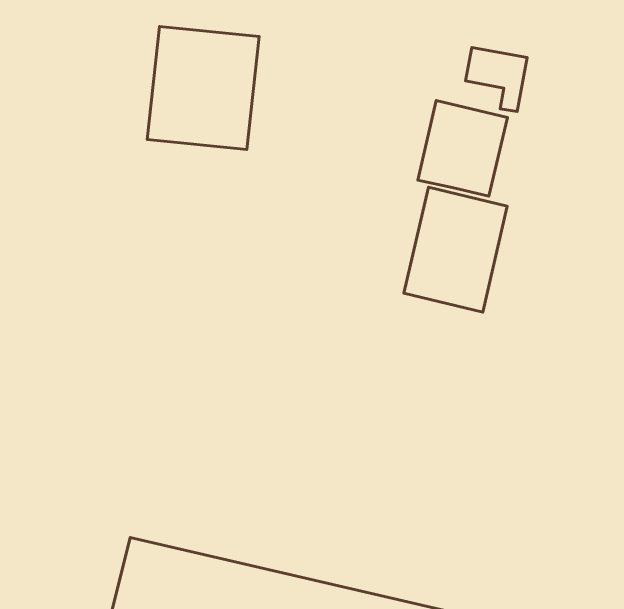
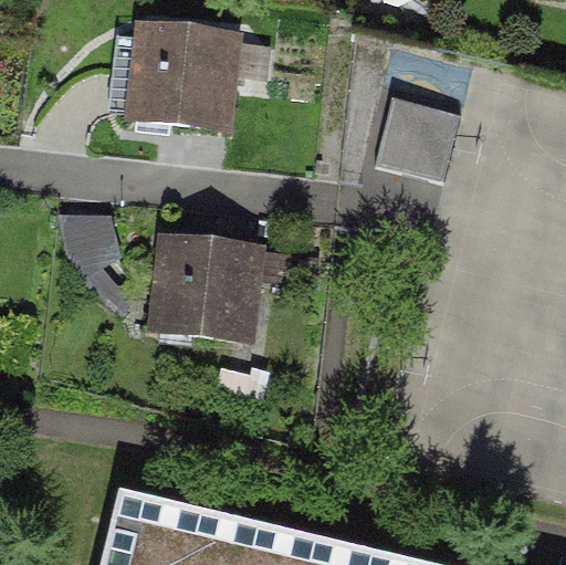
building: [404,187,507,312] -> none
building: none -> [147,239,270,353]

